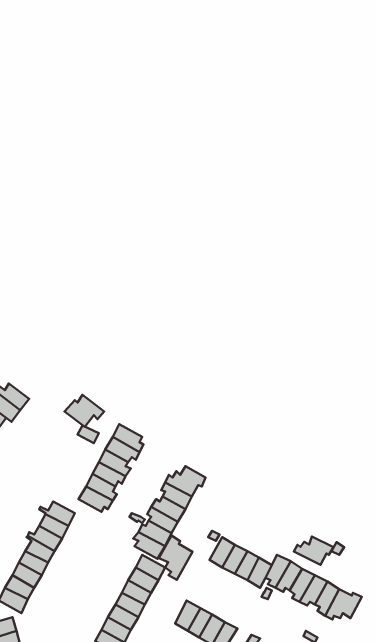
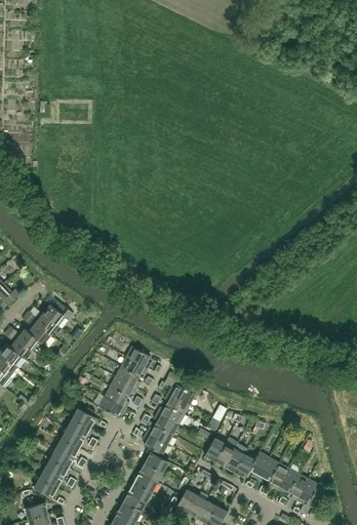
building: [65,395,104,427] -> [41,300,73,326]
building: [159,535,192,580] -> none
building: [294,536,334,565] -> none

